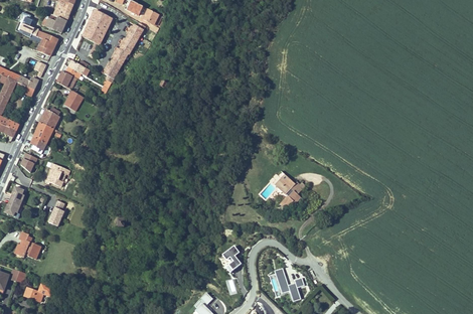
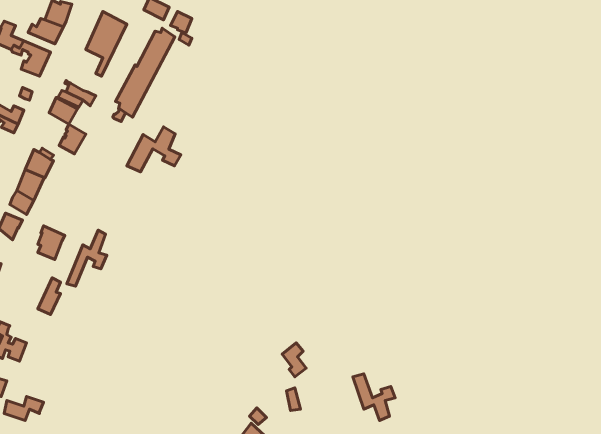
building: none -> [127,127,181,172]
building: none -> [67,230,107,286]
building: [277,177,304,208] -> none

